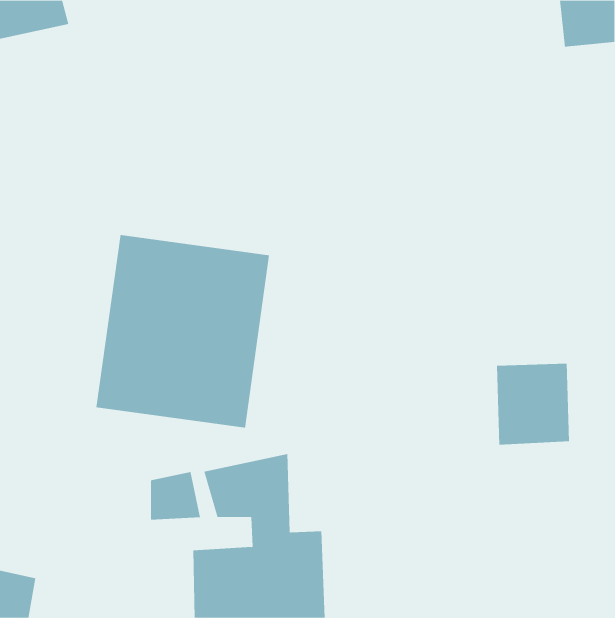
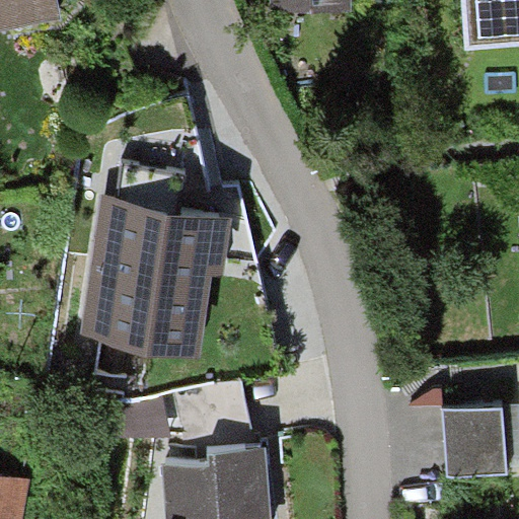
building: [496,363,570,445] -> [442,407,504,476]

